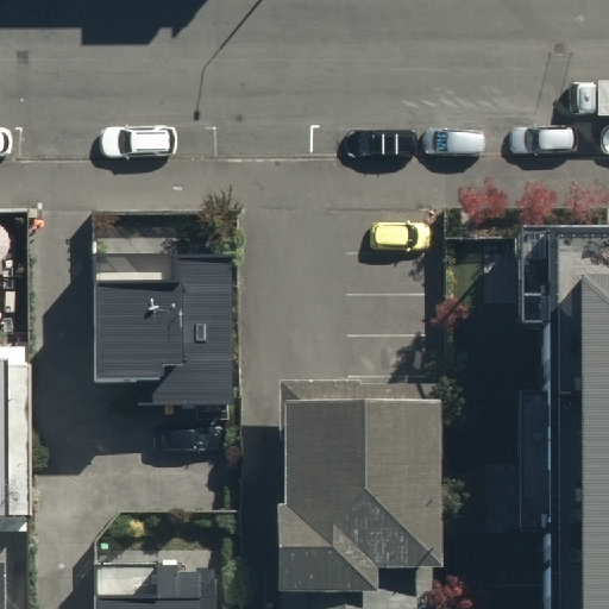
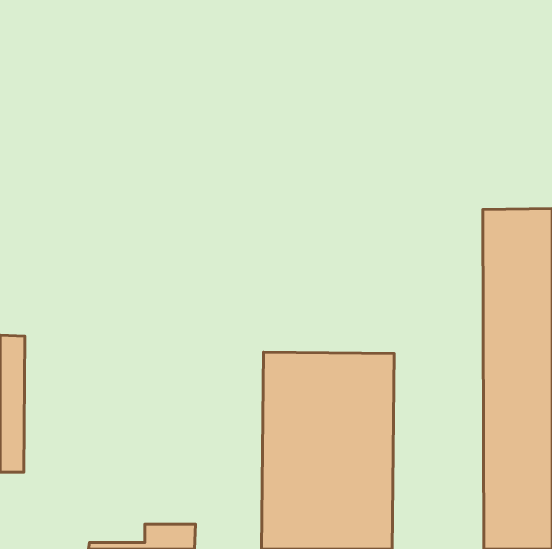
building: [93,255,244,403] -> none

